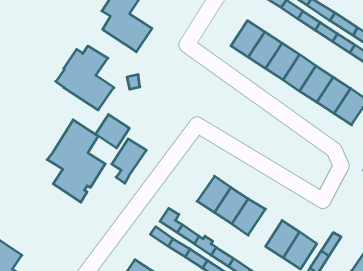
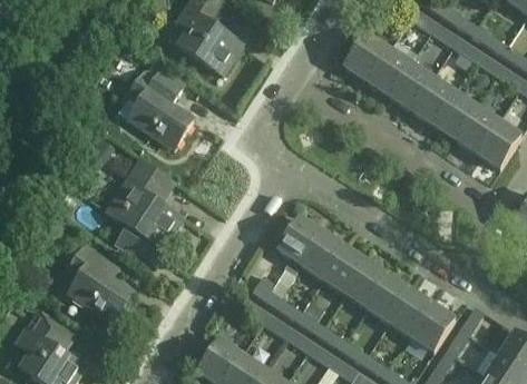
building: [95,114,129,148] -> none
building: [112,139,146,183] -> [277,218,322,275]
building: none -> [68,246,133,323]
building: none -> [365,275,409,323]

